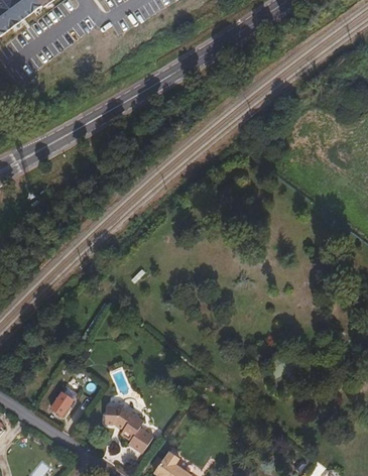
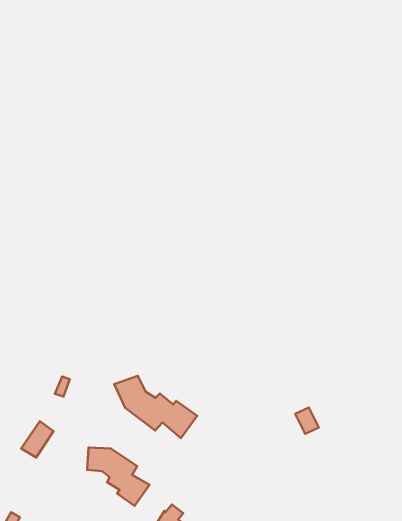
building: none -> [114,376,197,438]

